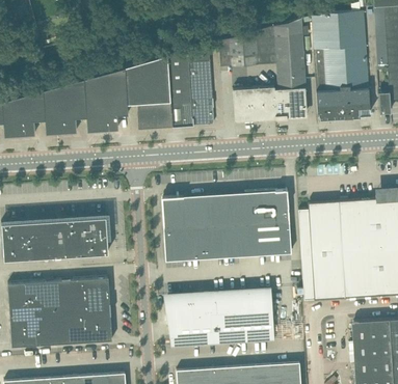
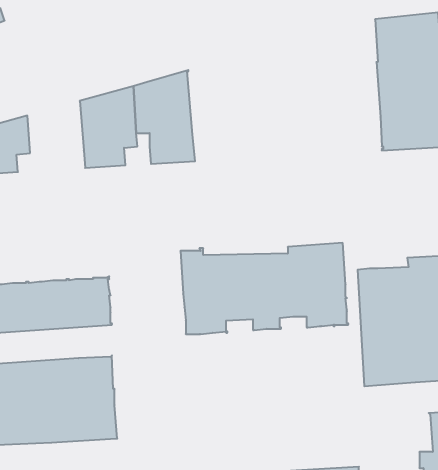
building: [219,19,307,118] -> none
building: [168,45,214,125] -> none
building: [44,79,87,134] -> none
building: [168,289,275,348] -> none

